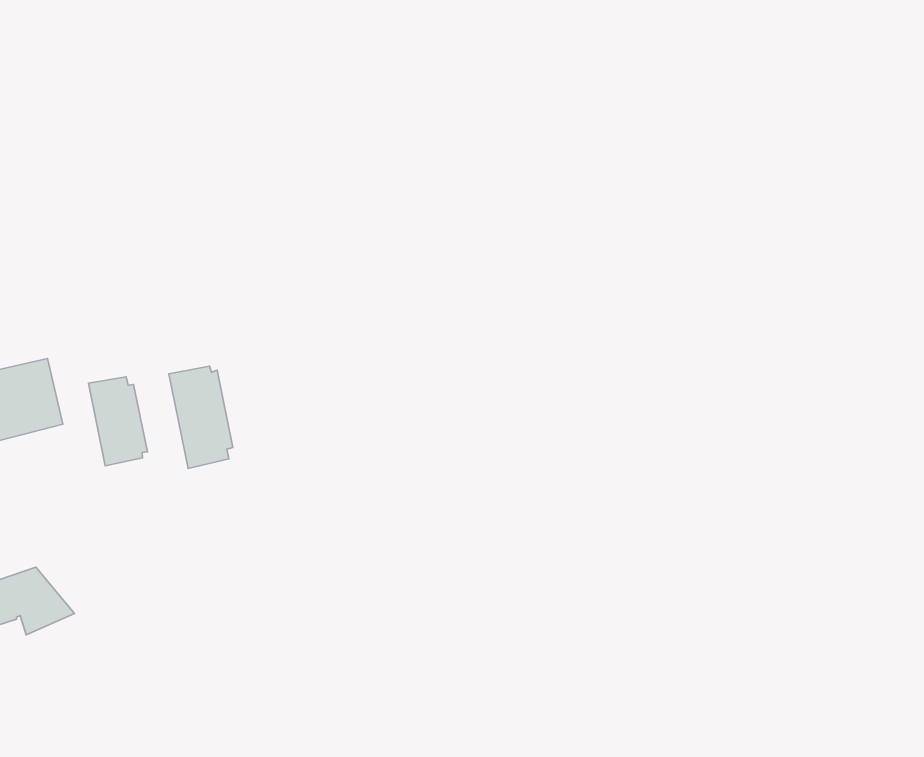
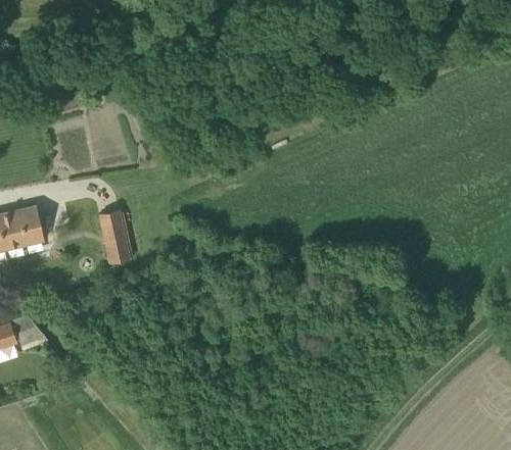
building: [88,377,148,466] -> none

